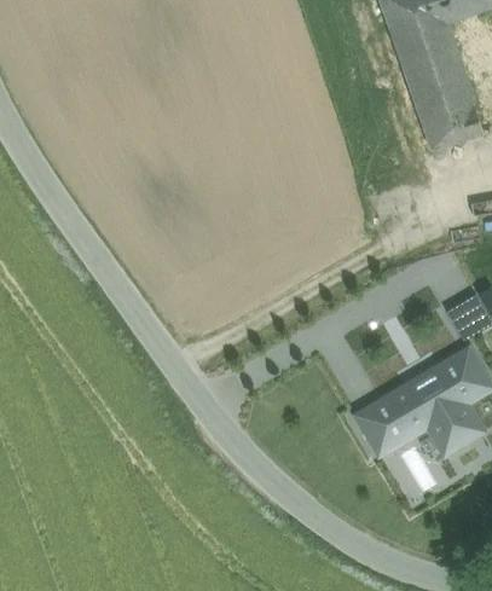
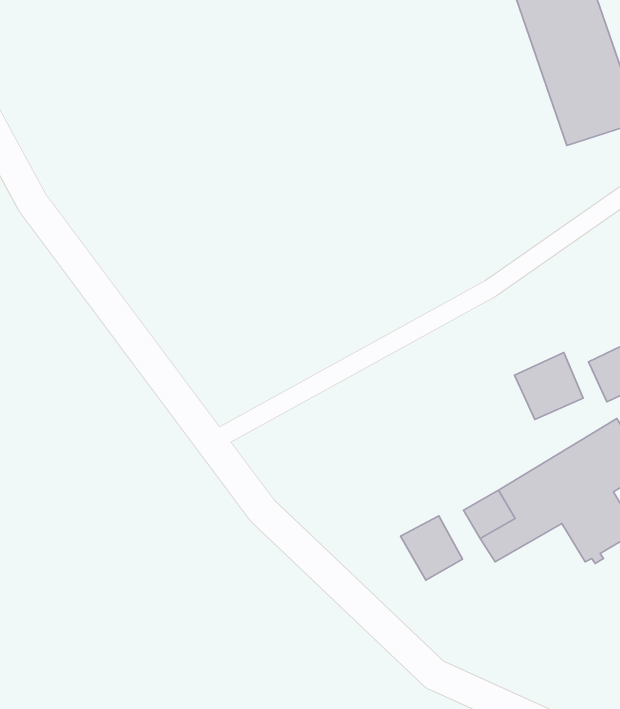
building: none -> [514,353,583,420]
building: none -> [401,516,463,580]

